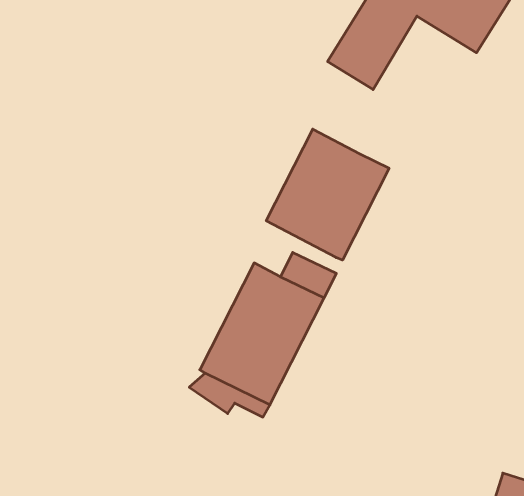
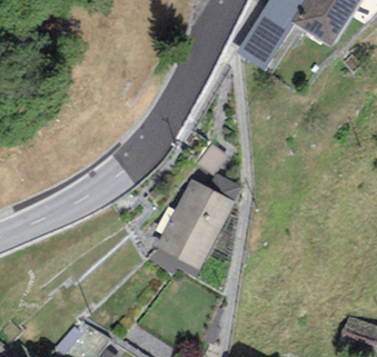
building: [266,129,389,260] -> none

